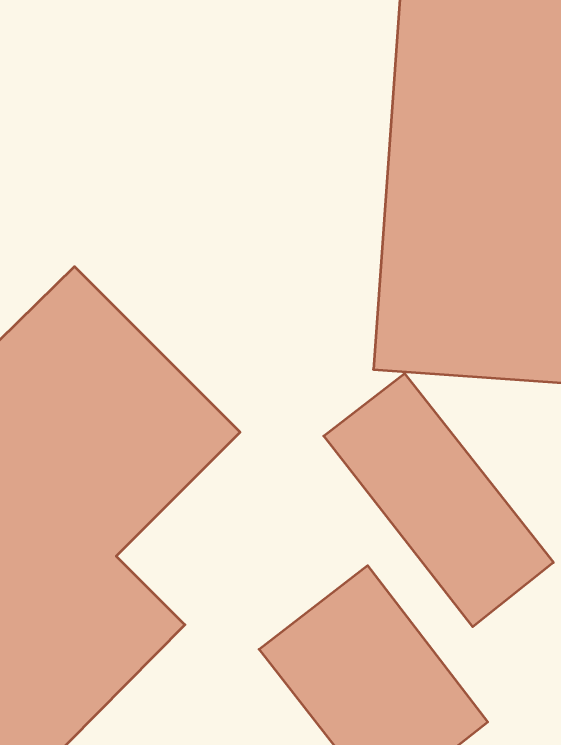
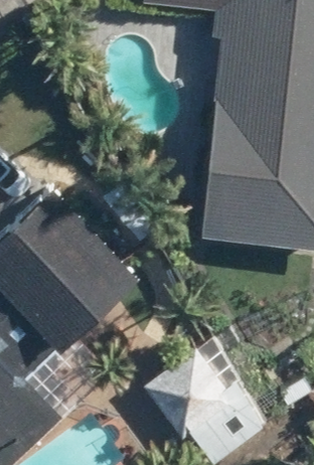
building: [324,374,553,627] -> none

